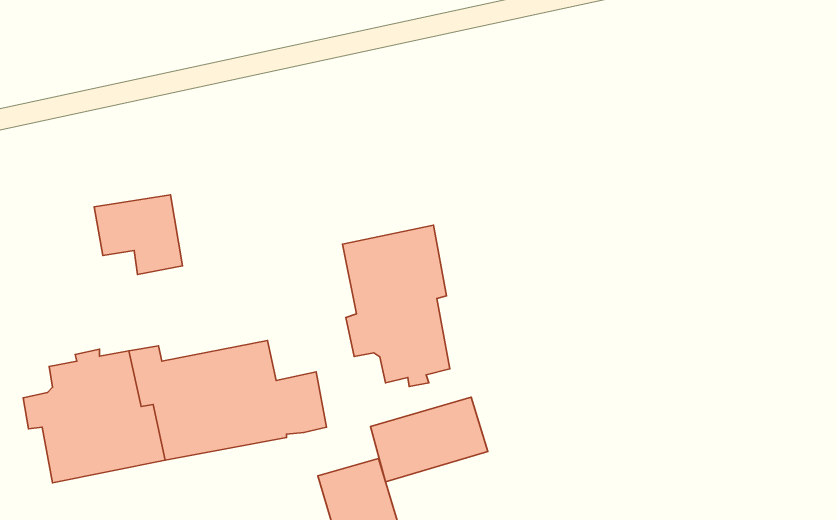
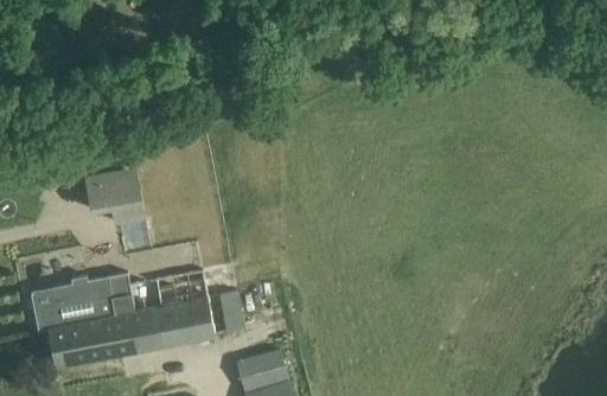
building: [342,225,450,387] -> none
building: [370,397,488,482] -> none

